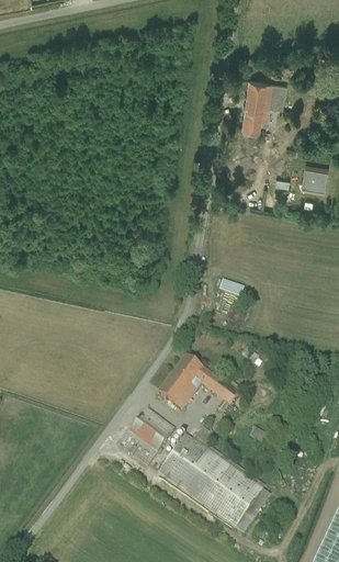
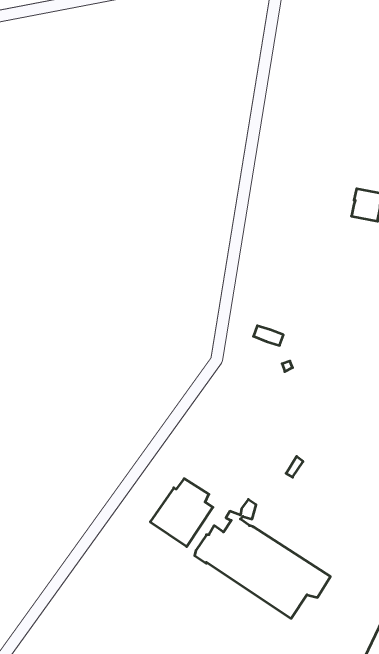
building: [241,81,285,132] -> none
building: [155,356,236,413] -> none

